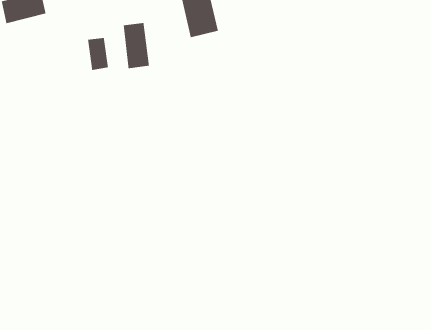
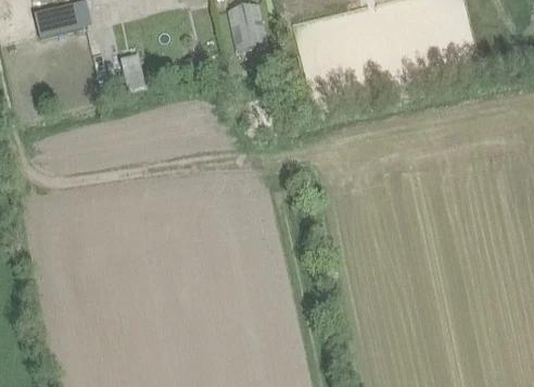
building: [123,22,150,69] -> none

